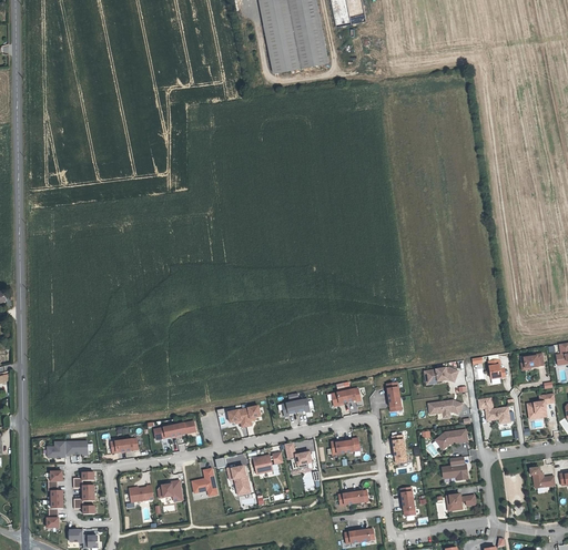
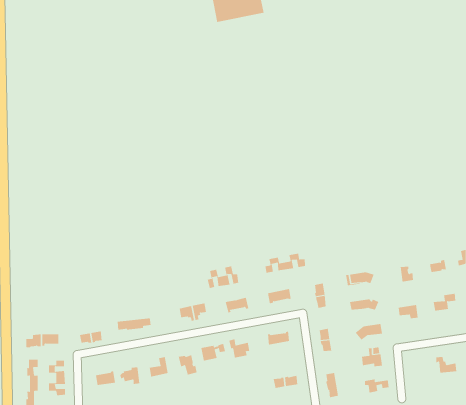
building: none -> [265,253,306,273]
building: none -> [207,266,239,289]

